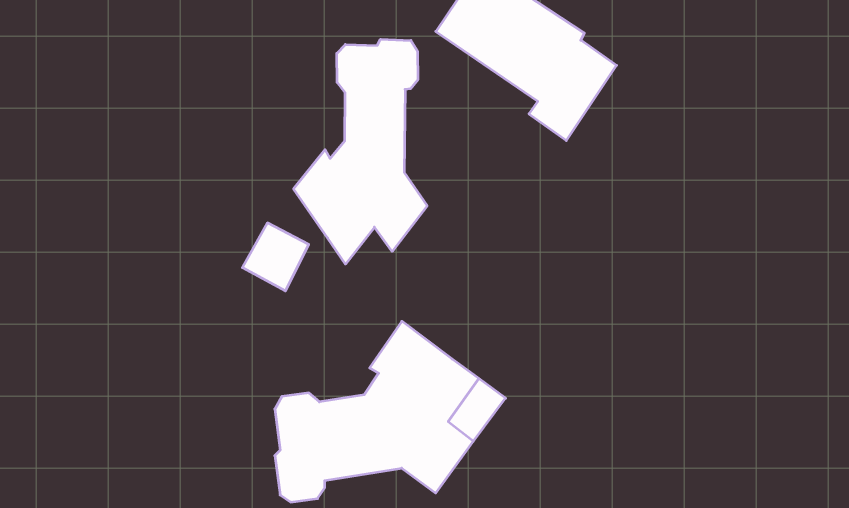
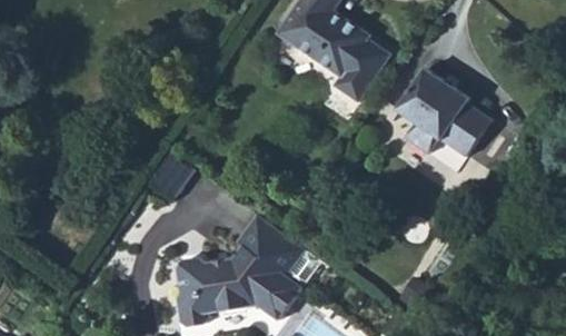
building: [294,39,427,264] -> none
building: none -> [395,68,489,157]

